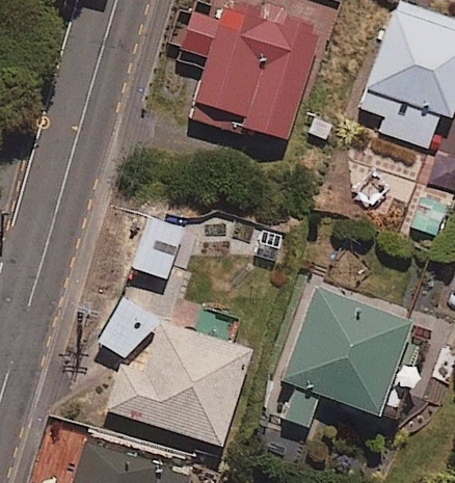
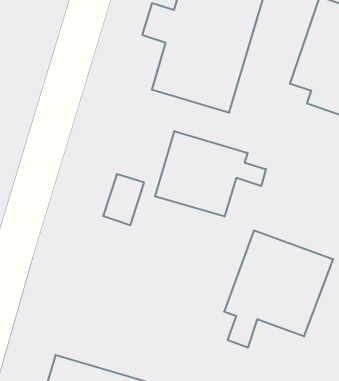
building: none -> [155,131,266,217]
building: [107,322,251,447] -> none

